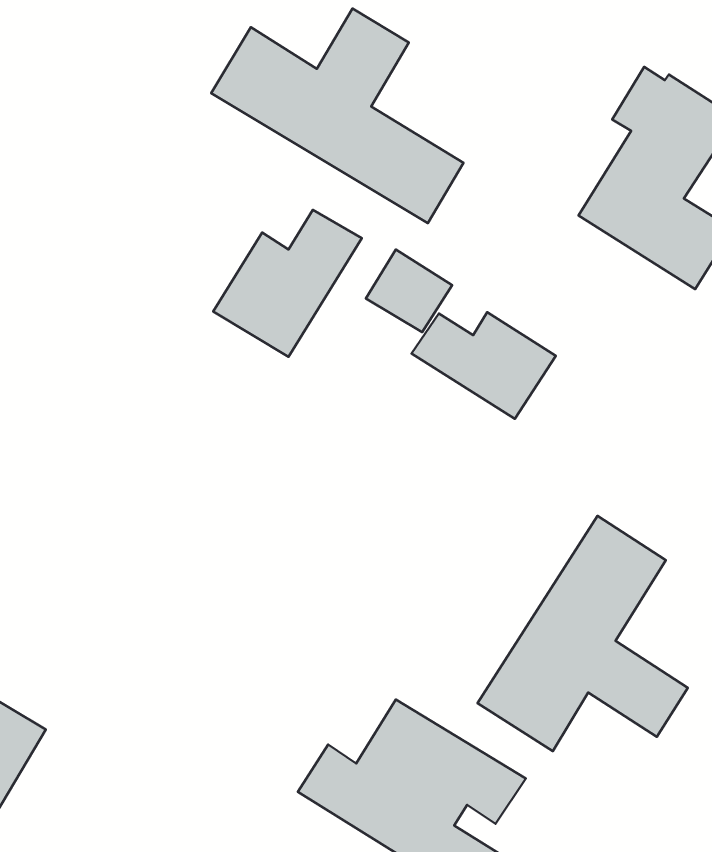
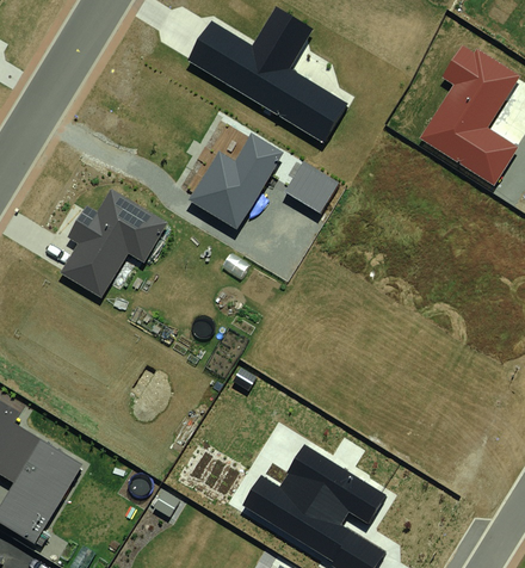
building: none -> [60,189,166,297]
building: [412,312,556,419] -> none
building: [478,516,688,751] -> none

